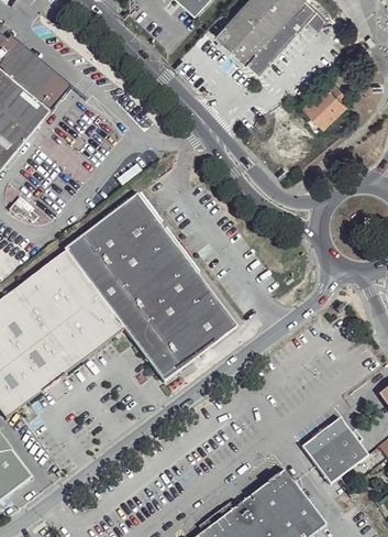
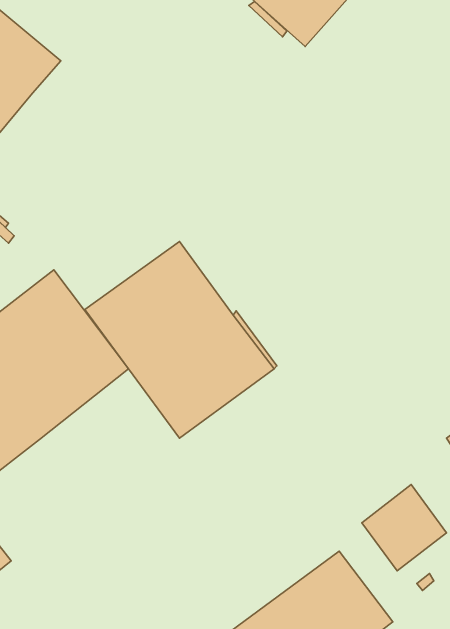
building: [308,83,347,127] -> none
building: [64,191,163,280] -> none

